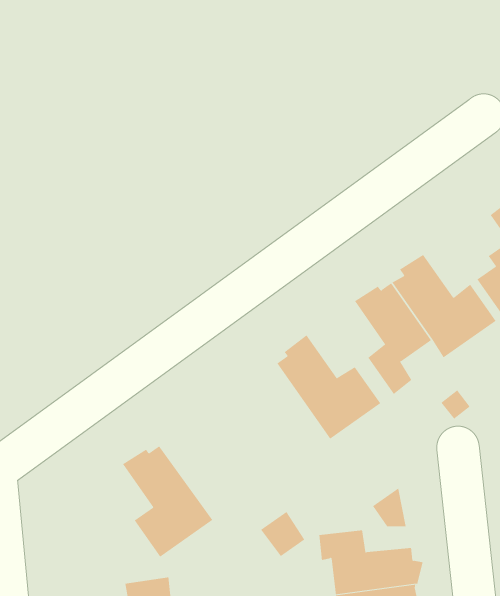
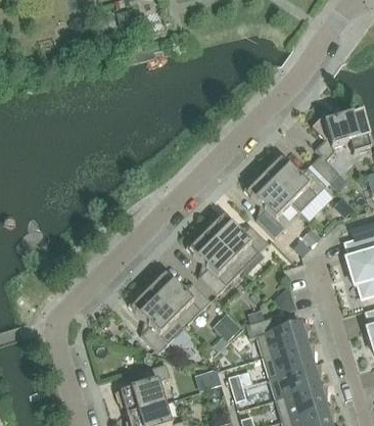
building: none -> [186,231,243,294]
building: none -> [147,270,211,326]

